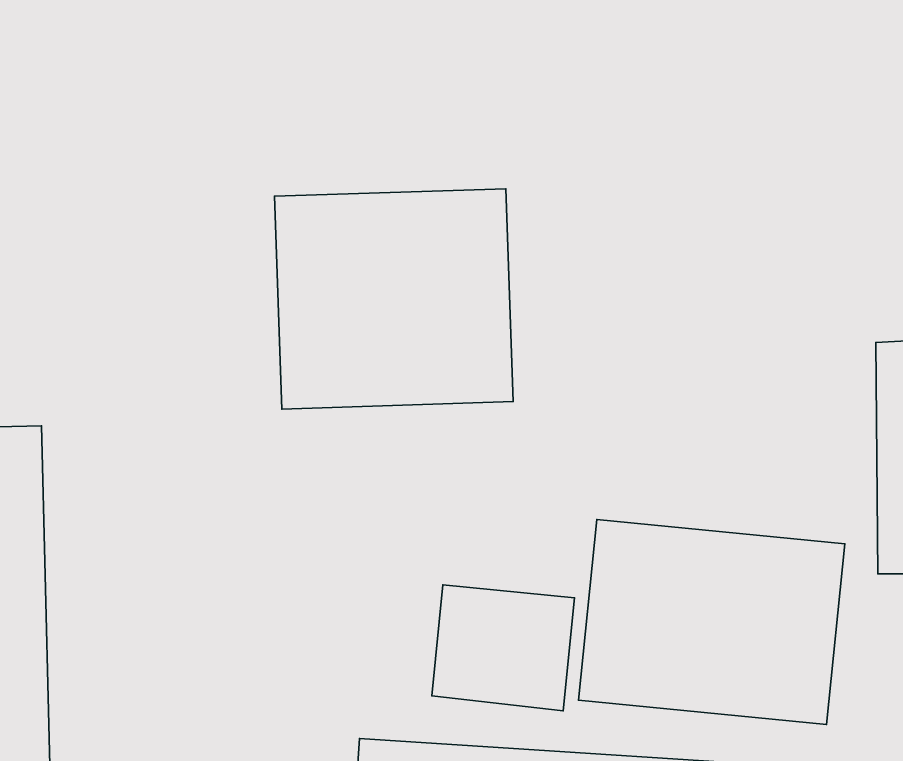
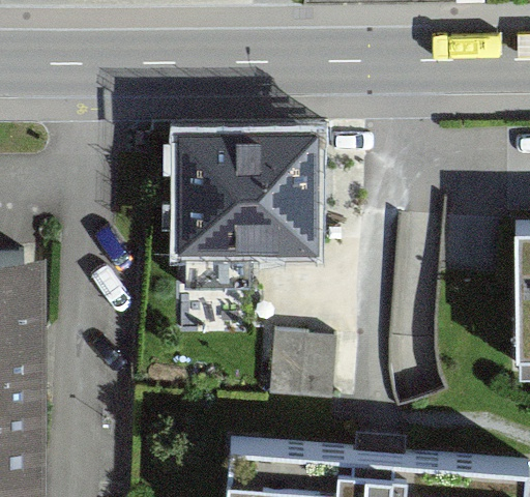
building: [579,520,845,724] -> none

